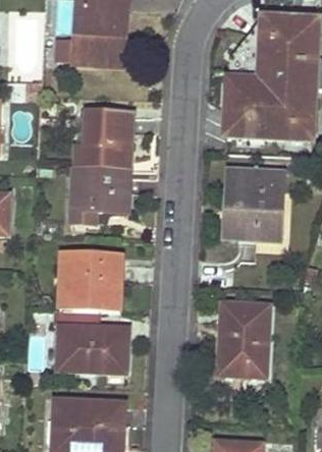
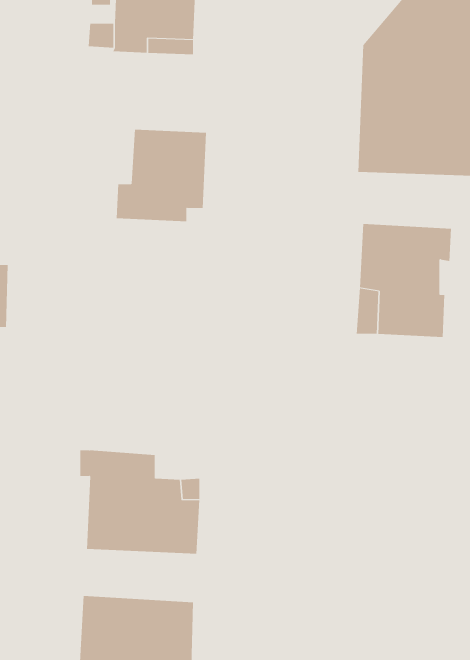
building: [72,165,130,222] -> none
building: [59,251,122,310] -> none
building: [219,302,268,375] -> none

